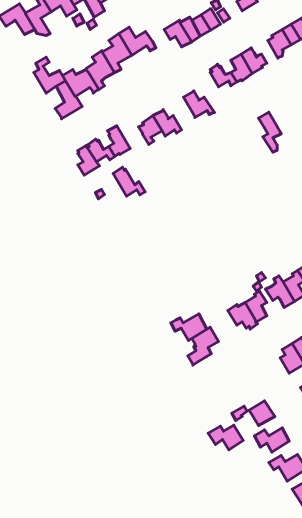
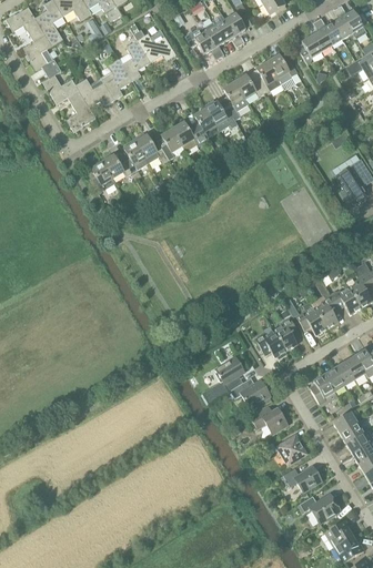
building: none -> [23,34,58,71]
building: none -> [195,108,219,143]
building: [259,112,281,152] -> [224,81,249,124]
building: [113,167,145,196] -> [134,132,169,163]
building: [171,314,207,340] -> [231,378,270,407]
building: [208,425,243,450] -> [250,407,288,434]

